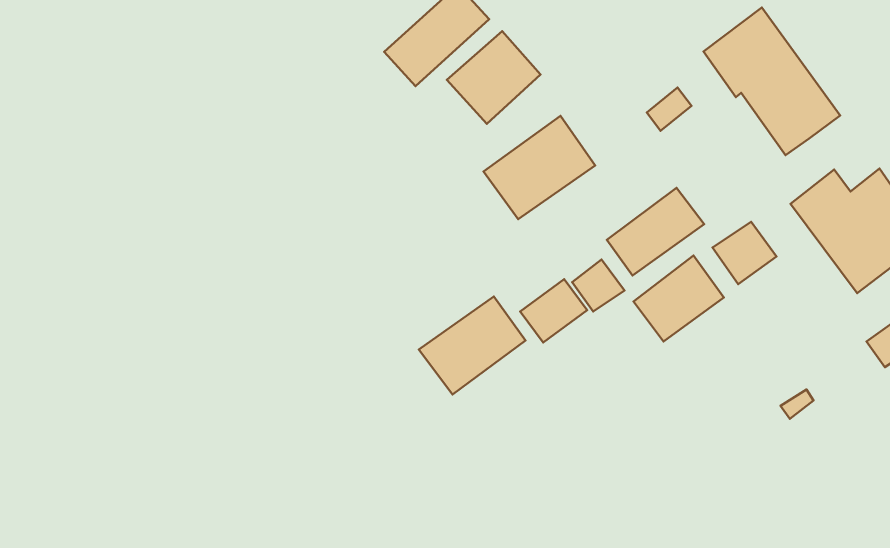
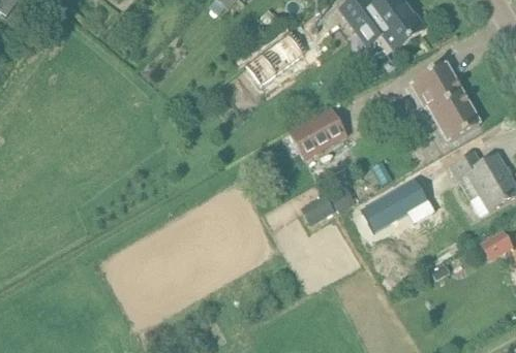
building: [447,31,540,124] -> none
building: [607,188,704,275] -> none
building: [419,297,526,394] -> none

